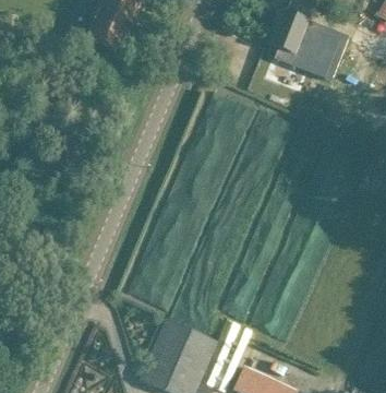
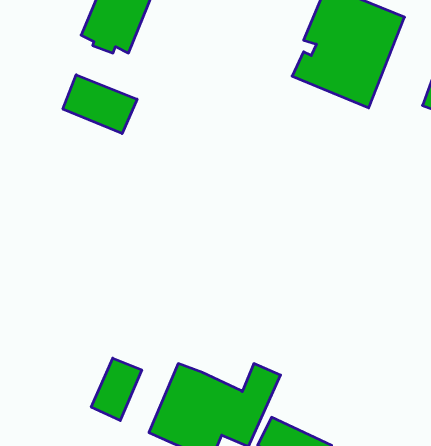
building: none -> [63,75,137,134]
building: none -> [91,358,142,421]

